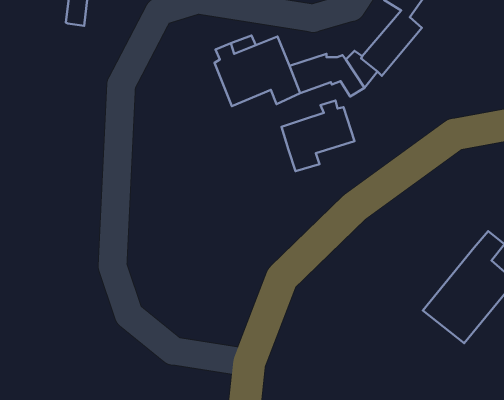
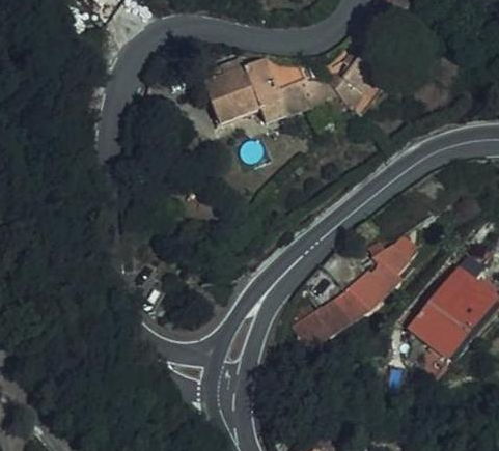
building: [281,100,355,171] -> none
building: none -> [305,243,413,330]

